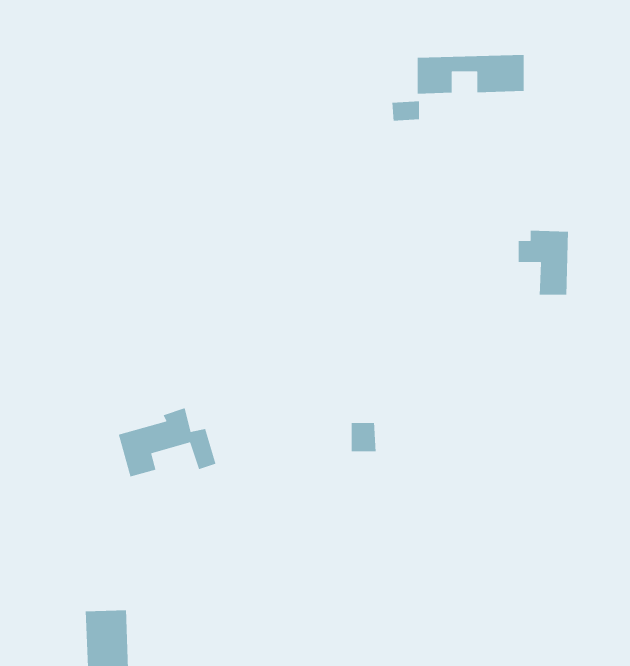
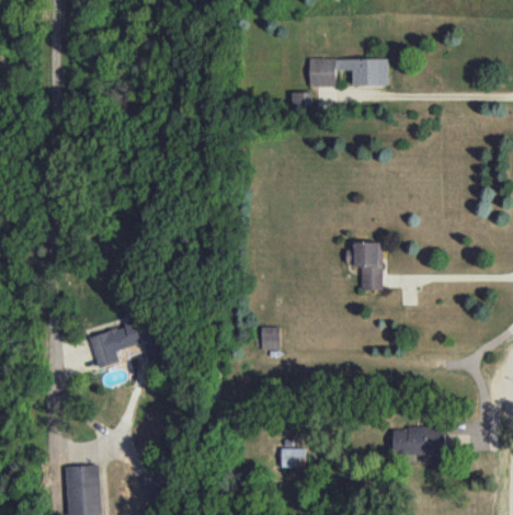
building: [518,230,569,296] -> [345,242,383,290]
building: none -> [392,427,445,456]
building: none -> [281,448,306,468]

